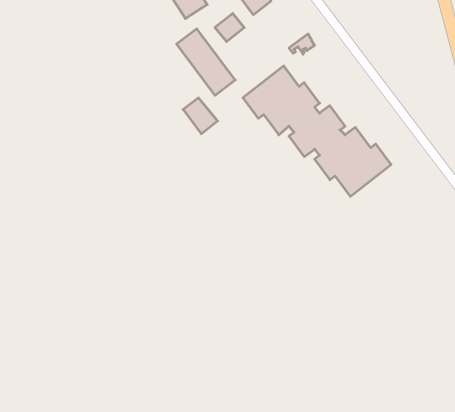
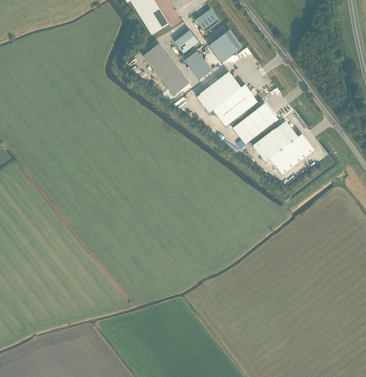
building: none -> [208,29,241,61]
building: [183,98,218,134] -> [184,51,211,79]

